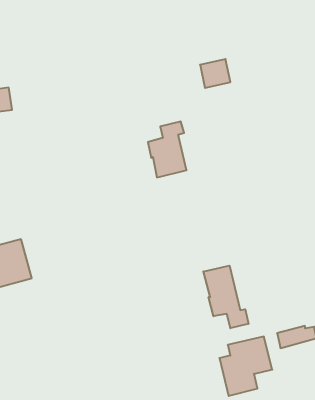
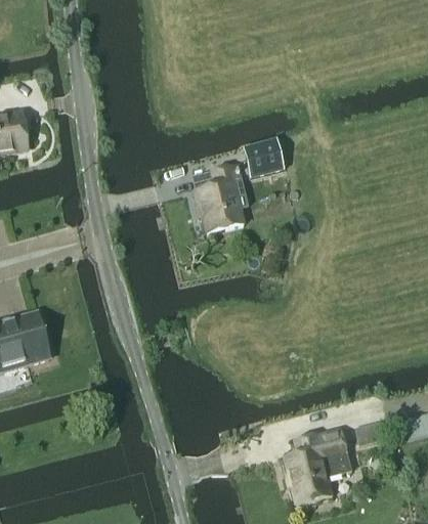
building: [200,59,230,88] -> [245,139,283,175]
building: [203,266,248,328] -> none

